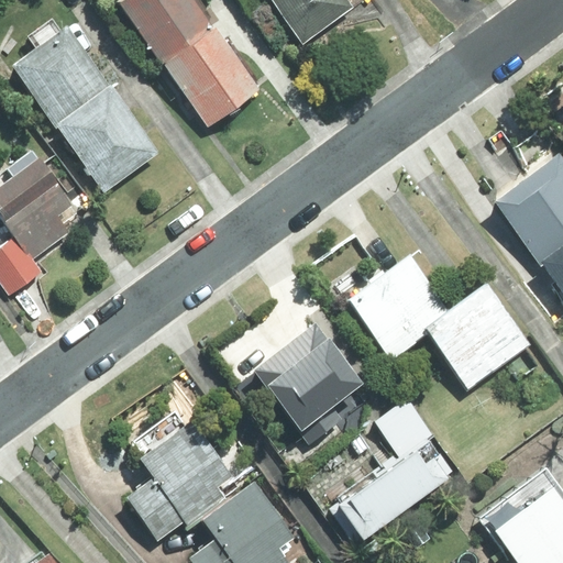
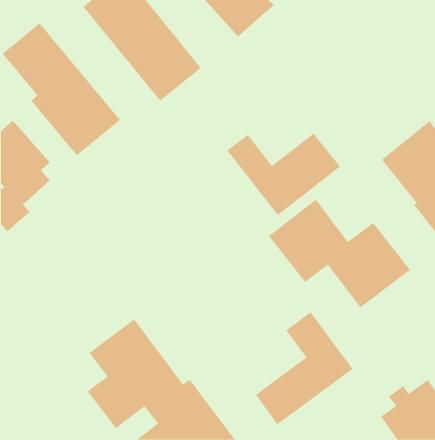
building: none -> [226,133,341,216]
building: [231,305,357,433] -> none

